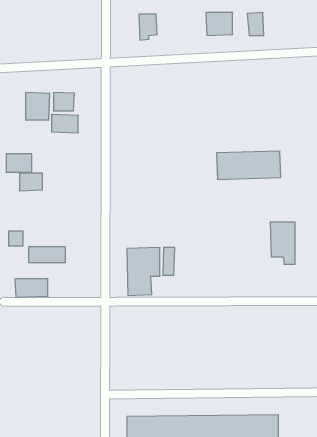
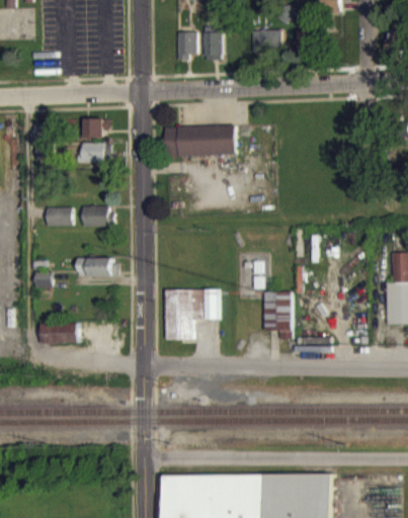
building: none -> [203,26,222,61]
building: [26,92,50,120] -> none
building: [217,151,281,179] -> [164,125,235,157]
building: [6,154,32,172] -> [82,206,110,227]
building: [270,222,295,264] -> [262,292,290,339]
building: [29,247,65,263] -> [76,259,116,276]

